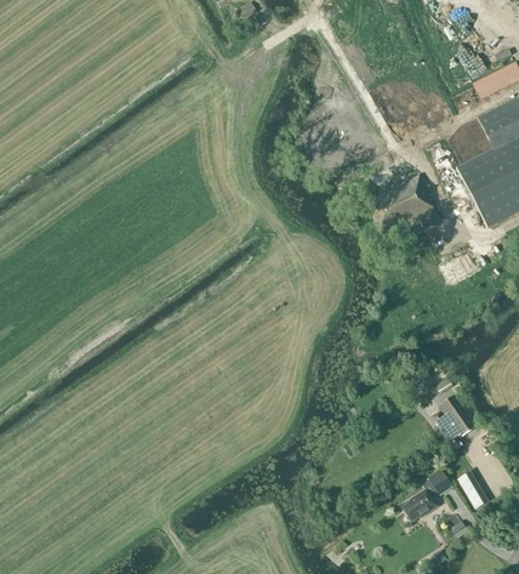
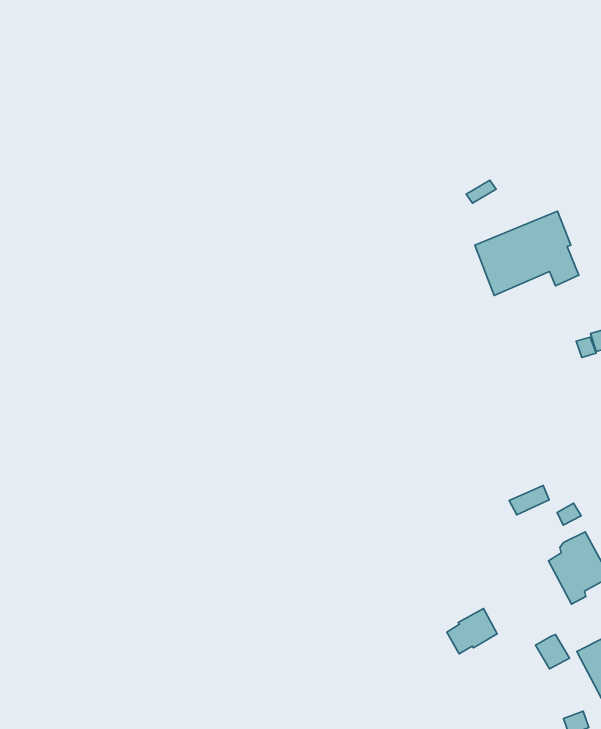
building: [401,488,437,521] -> [447,609,497,654]

